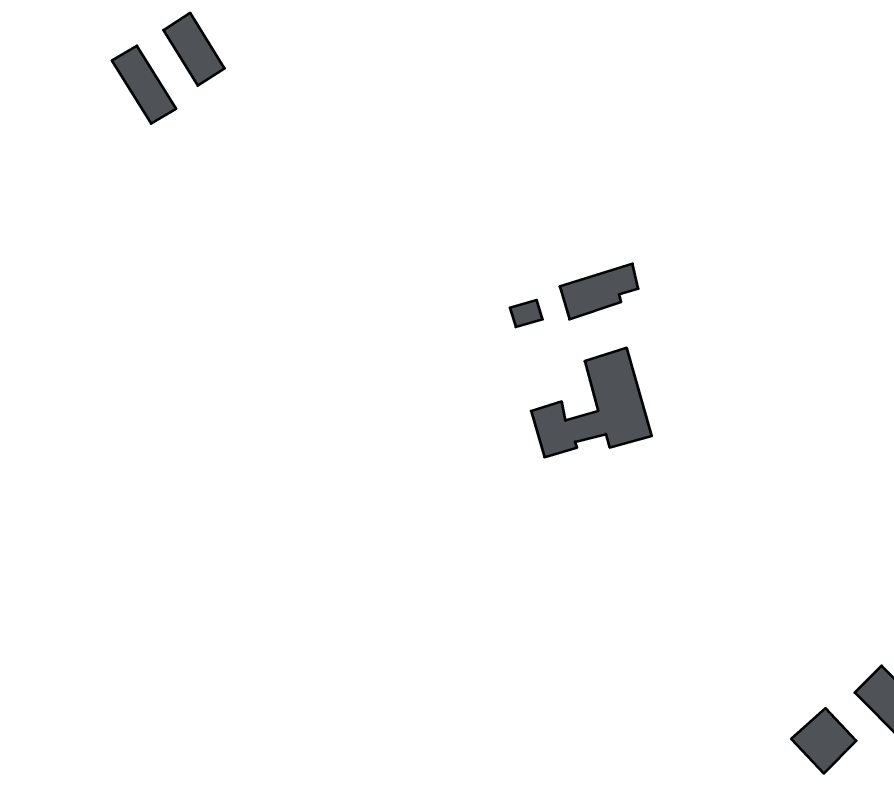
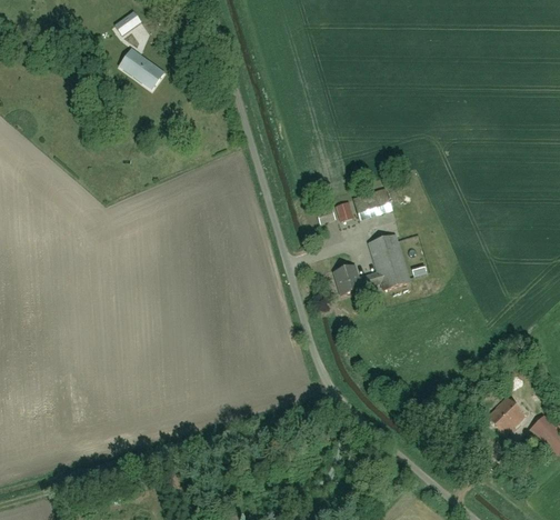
building: [112,46,176,124] -> none
building: [791,708,856,773] -> [487,397,524,434]

